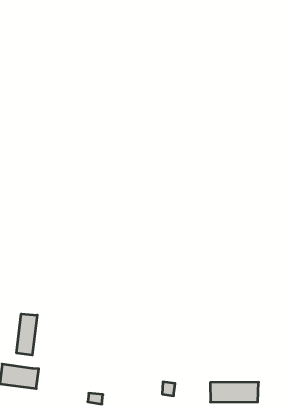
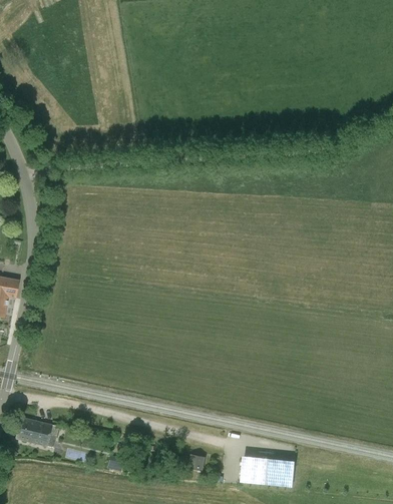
building: [17,314,37,355] -> none

